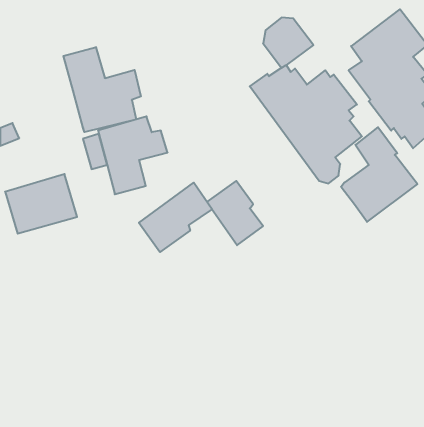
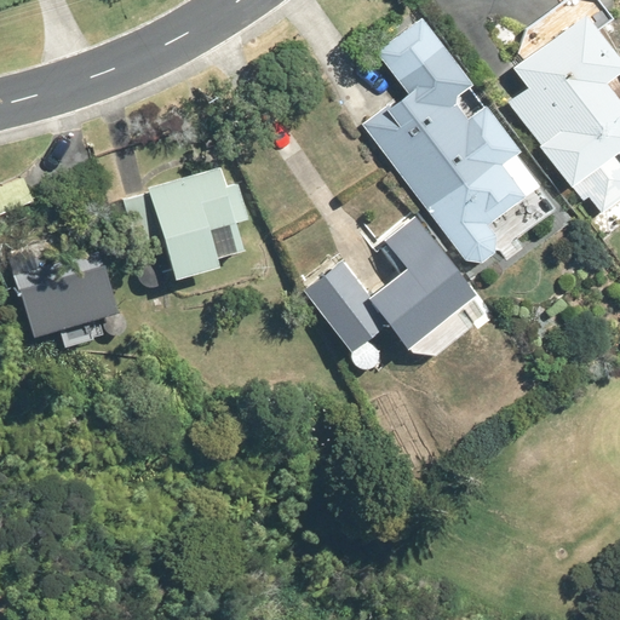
building: [63,47,141,132] -> none
building: [341,127,417,222] -> [367,216,477,352]
building: [139,183,212,252] -> none

